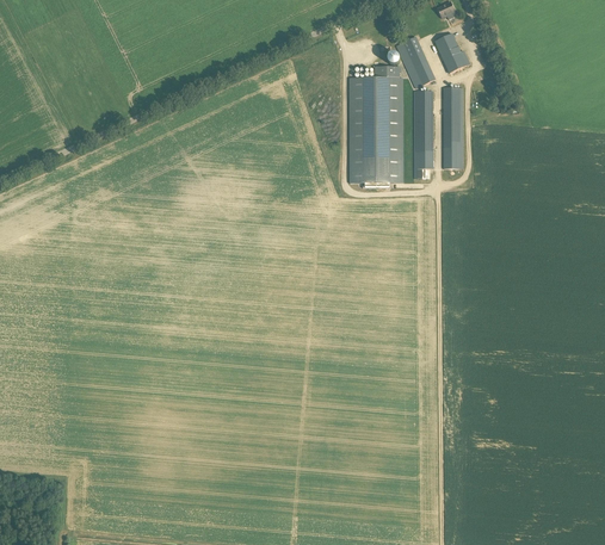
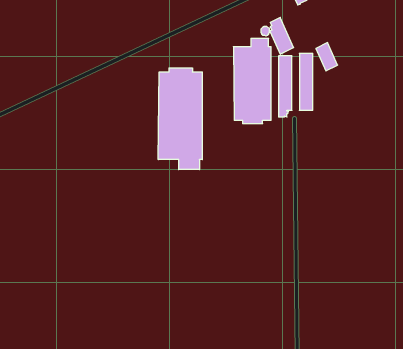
building: [434,32,465,73] -> [316,43,338,71]
building: none -> [158,68,202,170]

